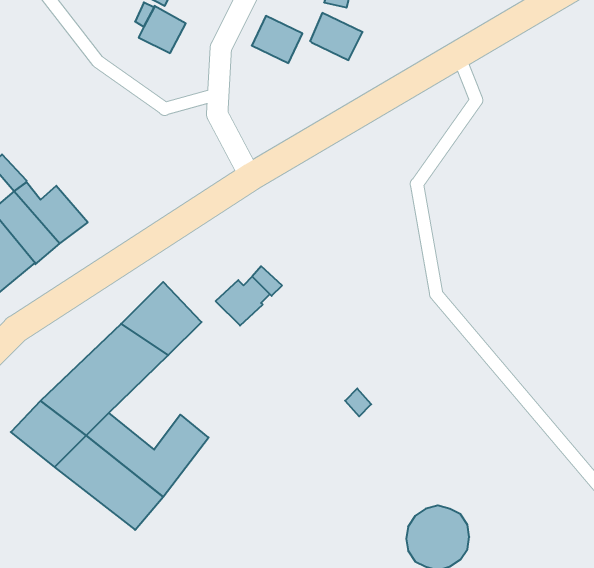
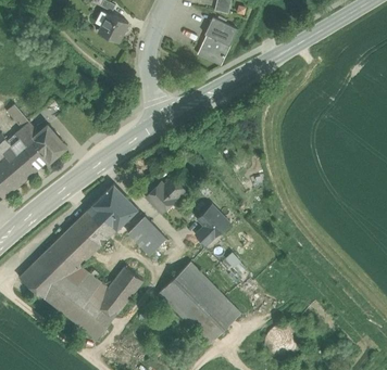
building: [252,16,302,63] -> [197,35,228,64]
building: none -> [196,204,228,243]
building: none -> [126,215,166,254]
building: none -> [158,260,240,344]

